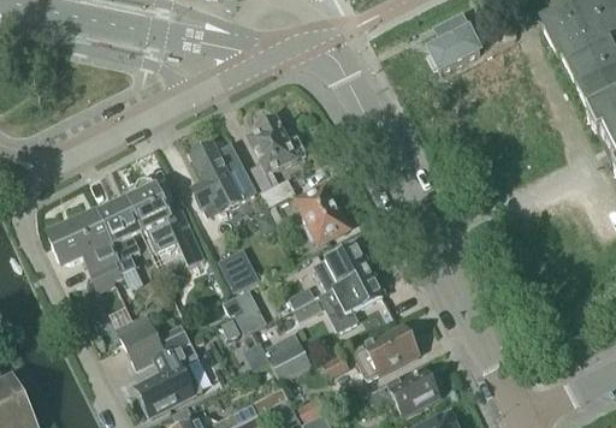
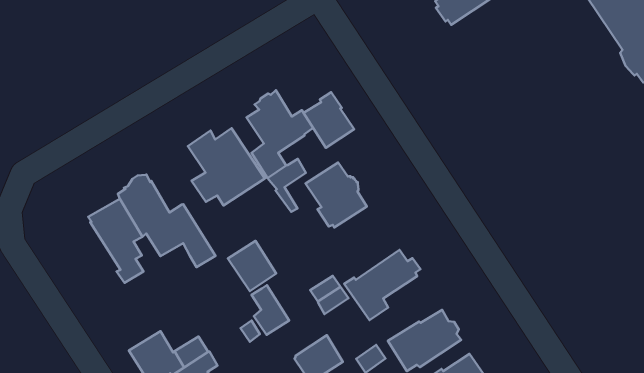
building: none -> [304,92,354,148]
building: [51,215,119,279] -> none
building: [315,242,372,292] -> none

